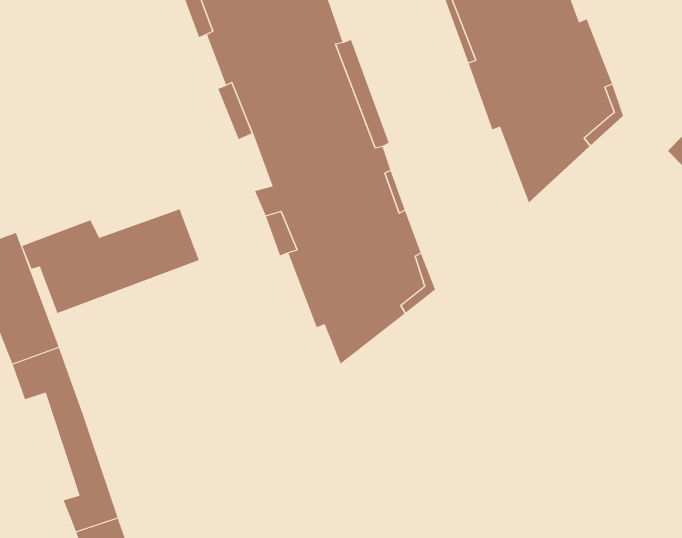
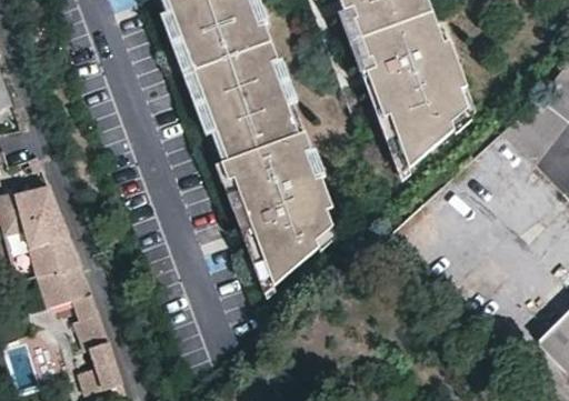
building: [22,209,200,314] -> none

